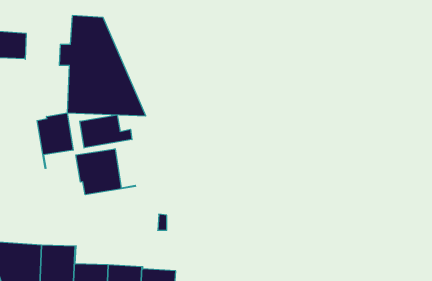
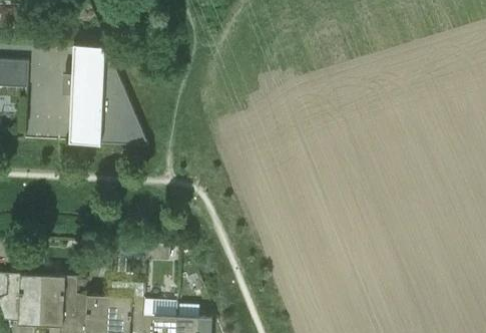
building: [37,113,73,168] -> none
building: [80,115,132,148] -> none
building: [76,149,135,195] -> none

